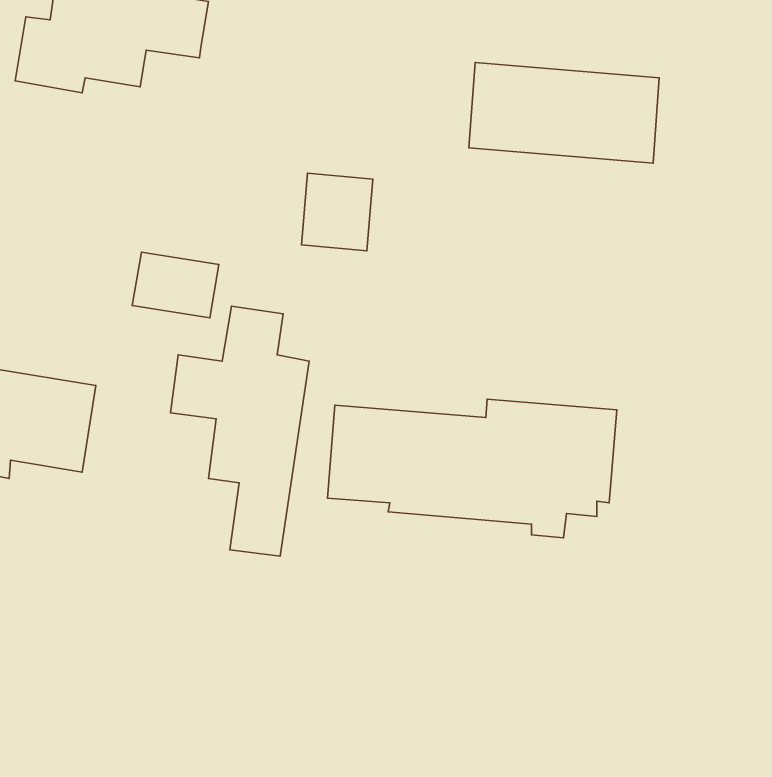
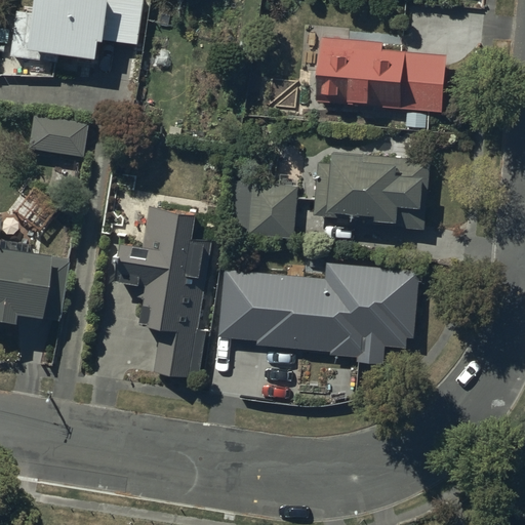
building: [301,173,373,251] -> [248,183,296,235]
building: none -> [314,153,427,225]
building: [132,252,219,318] -> [25,115,83,159]

